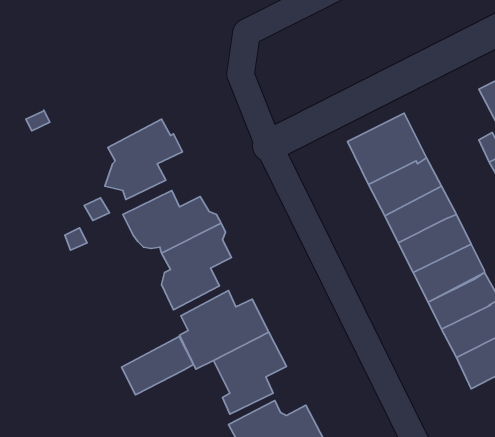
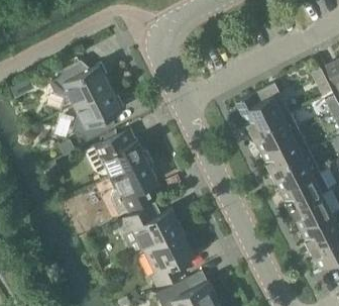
building: none -> [50,62,110,107]
building: [121,337,193,395] -> none

